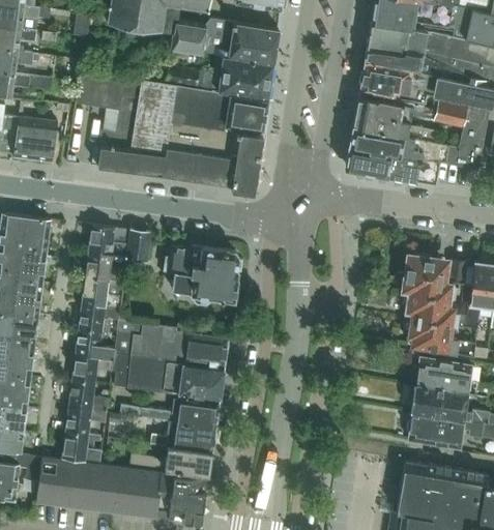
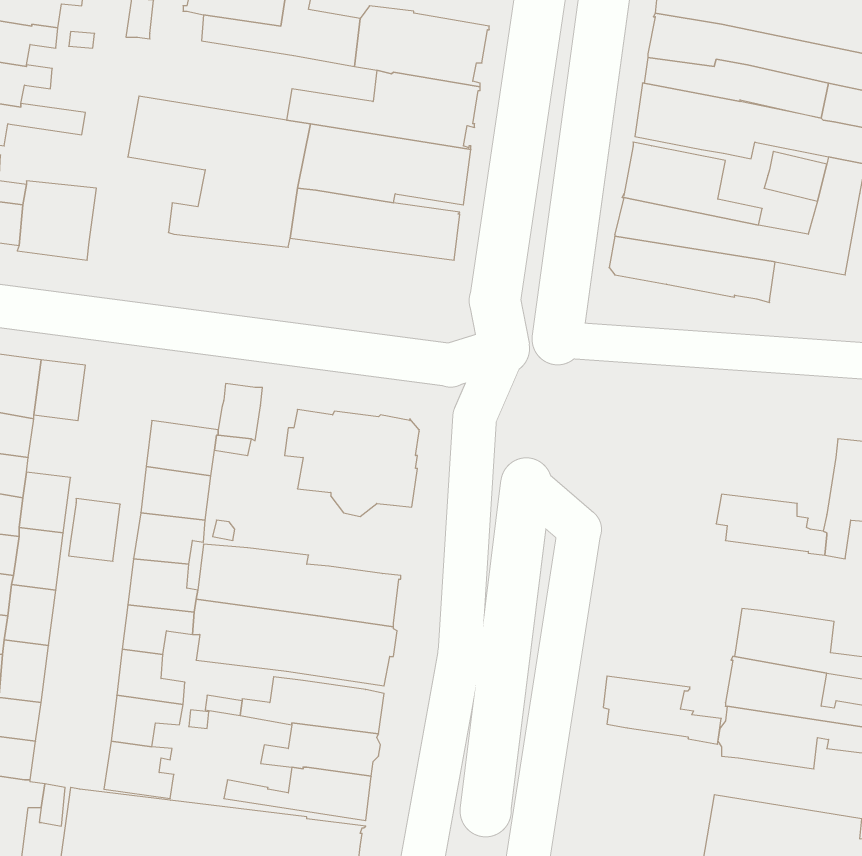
building: [98,147,259,188] -> none
building: [89,226,128,257] -> none
building: [19,248,48,284] -> [69,499,120,561]
building: [404,255,467,300] -> none
building: [409,319,475,357] -> [603,676,721,744]

